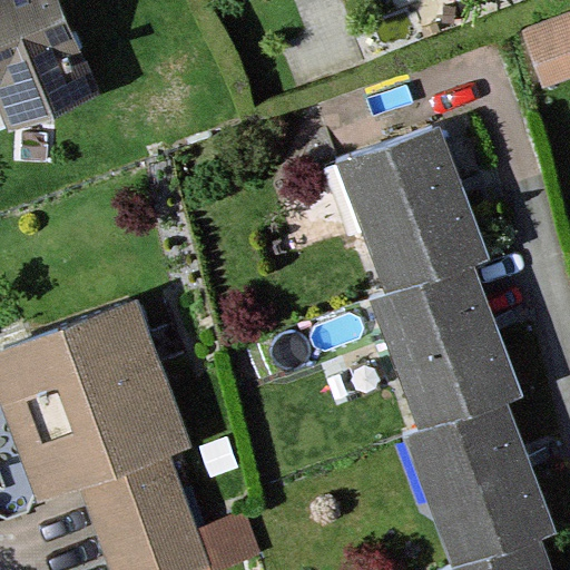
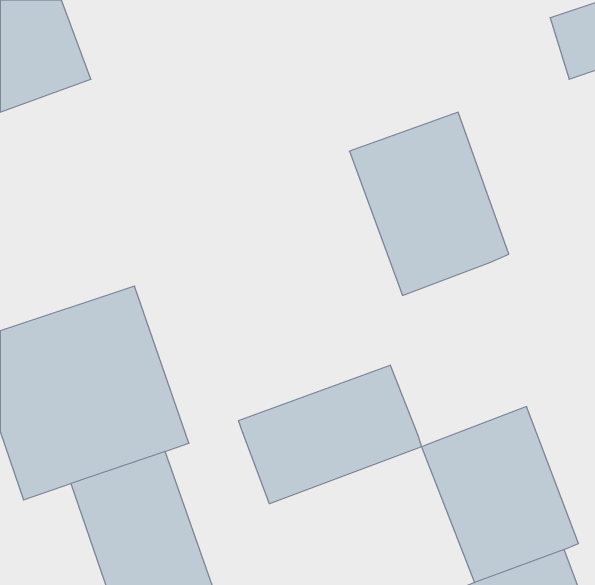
building: [371,265,519,433] -> none
building: none -> [239,365,421,504]

